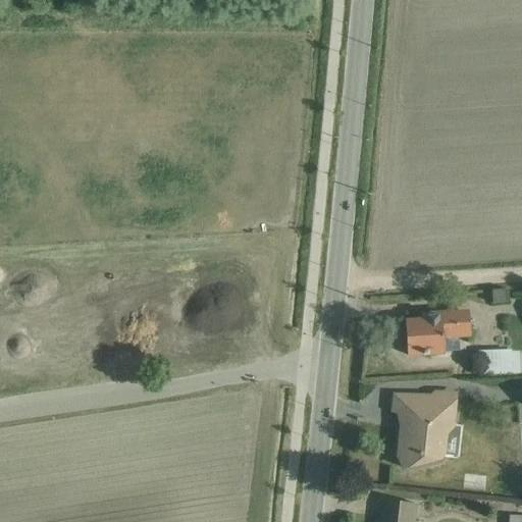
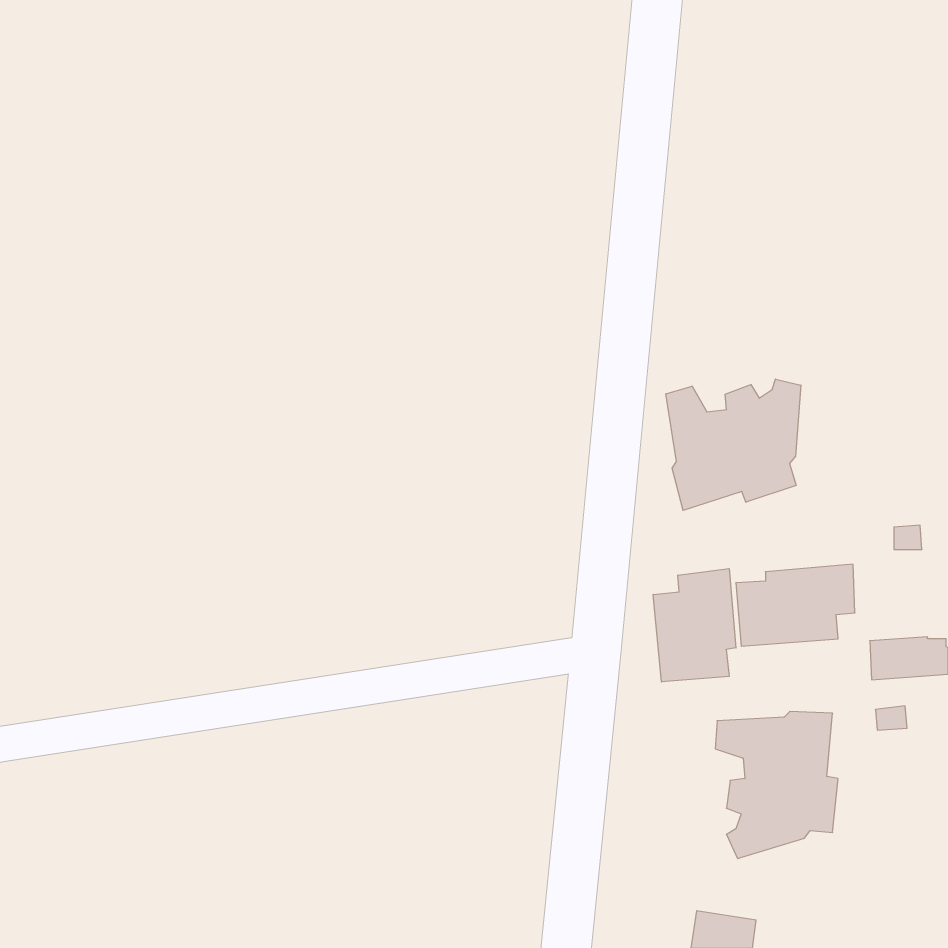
building: none -> [666,379,801,510]
building: none -> [653,569,736,682]

